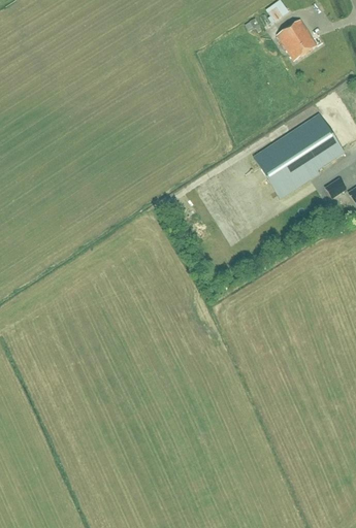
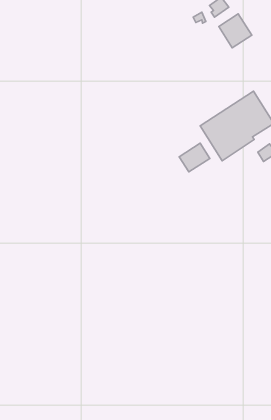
building: none -> [179,143,210,172]

